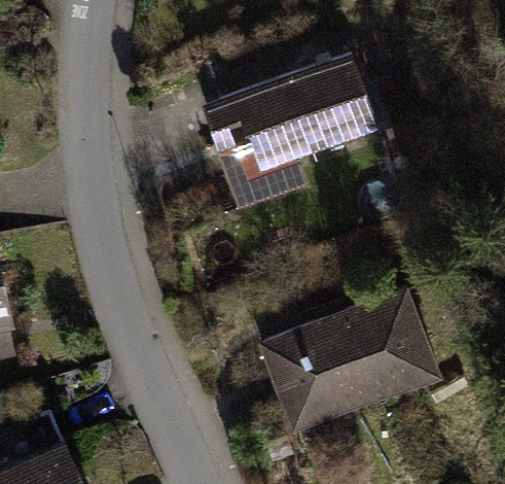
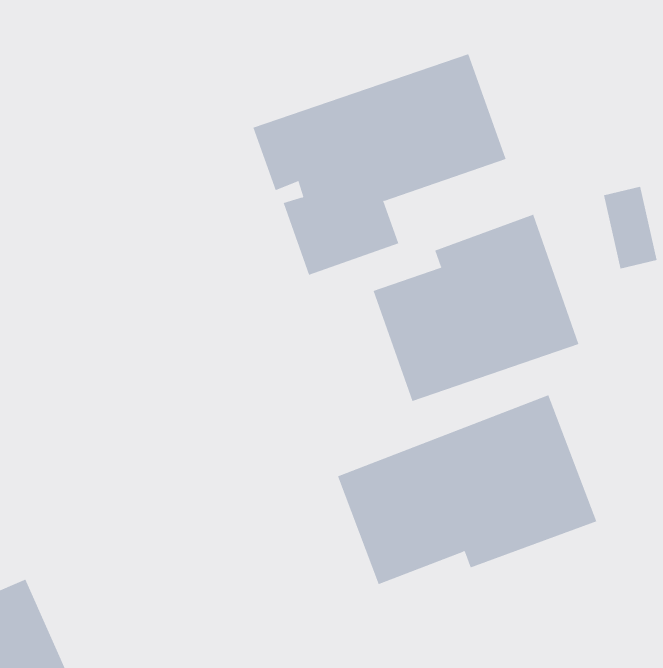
building: none -> [373,214,579,402]

